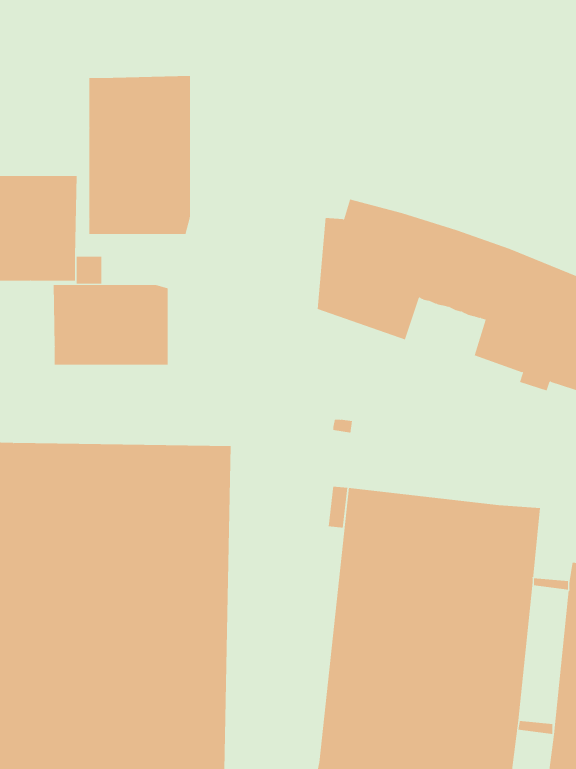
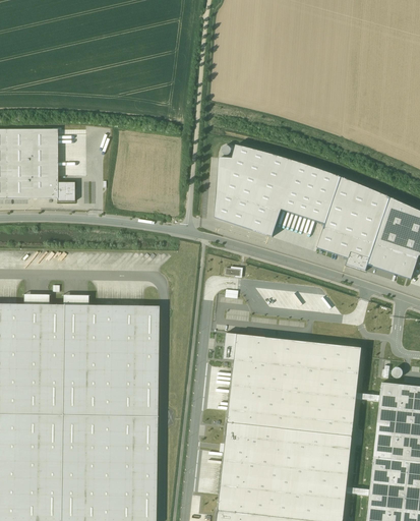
building: [89,75,190,235] -> none
building: [53,284,168,366] -> none

